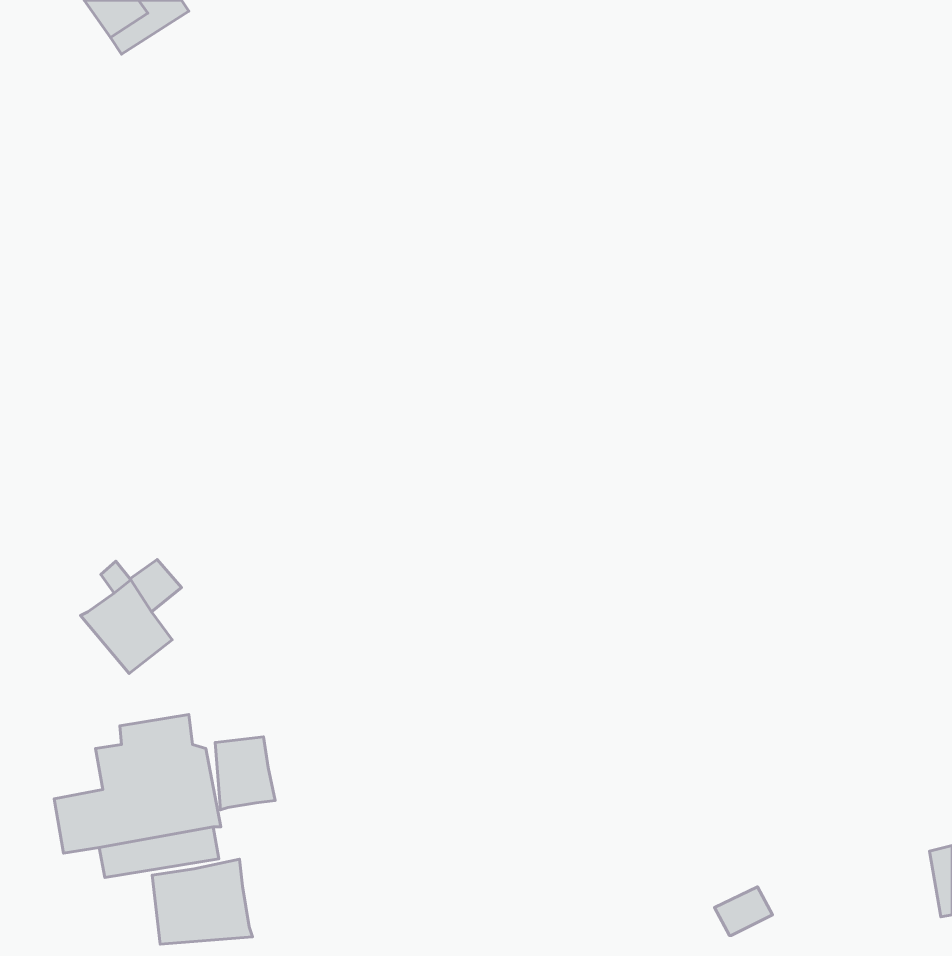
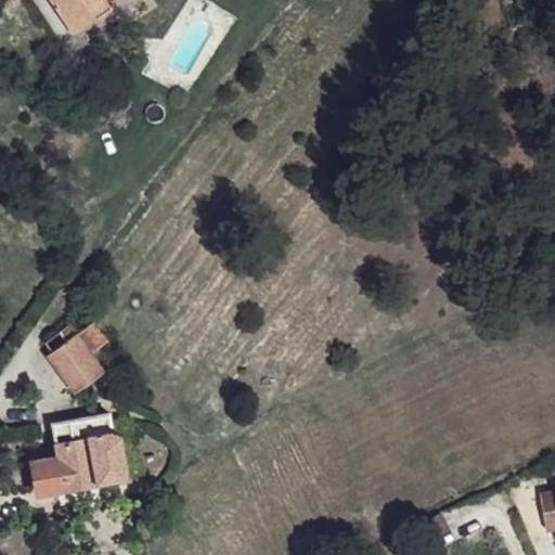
building: [215,737,275,810] -> none
building: [152,859,252,944] -> none

